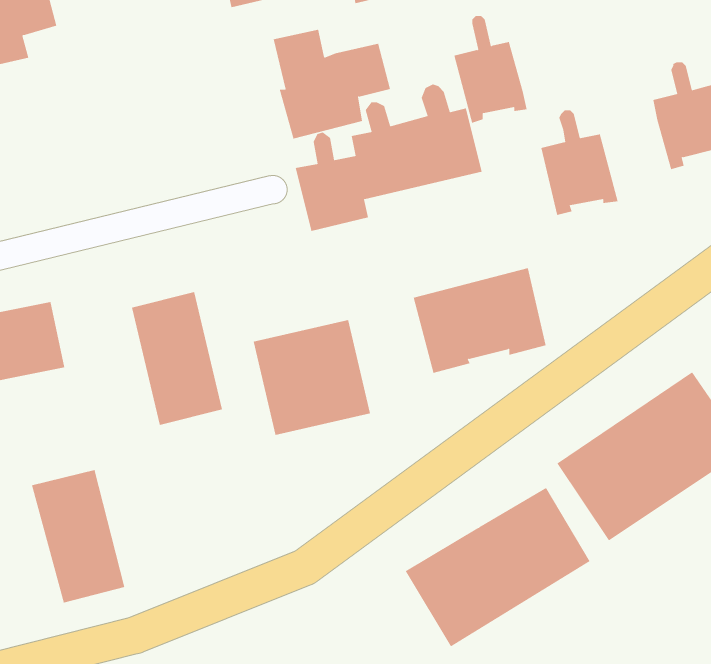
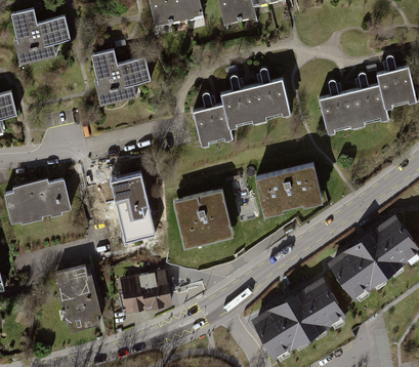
building: [453,16,527,123] -> [349,72,387,127]
building: [273,29,391,139] -> [91,47,152,104]
building: none -> [115,266,173,310]

